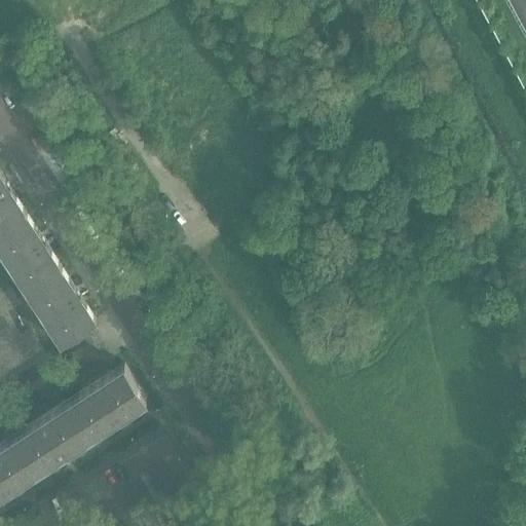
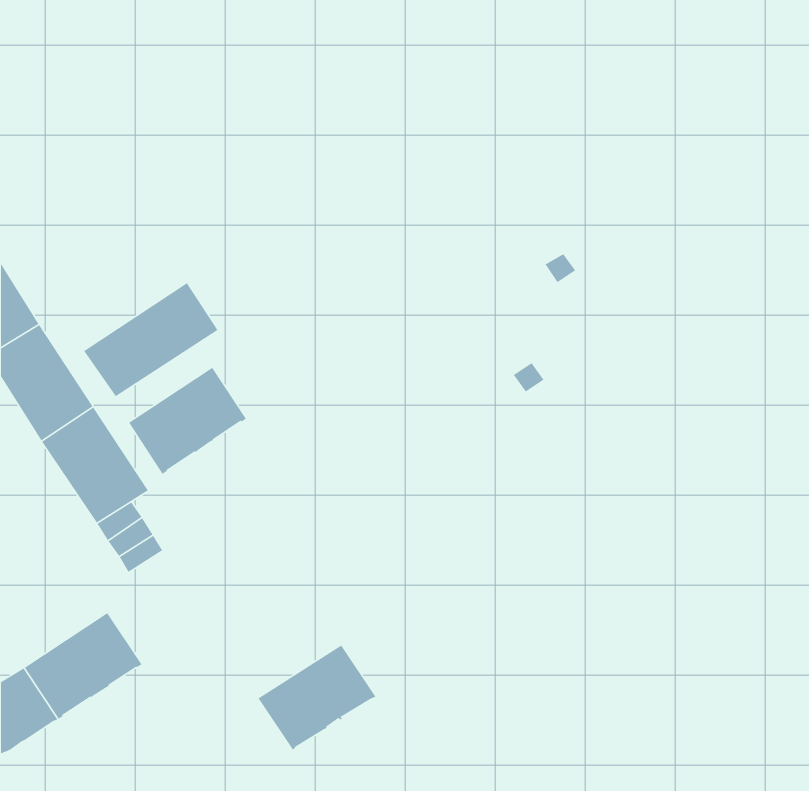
building: none -> [83,282,218,397]
building: none -> [128,367,247,475]
building: [70,374,147,443] -> [258,645,376,751]

